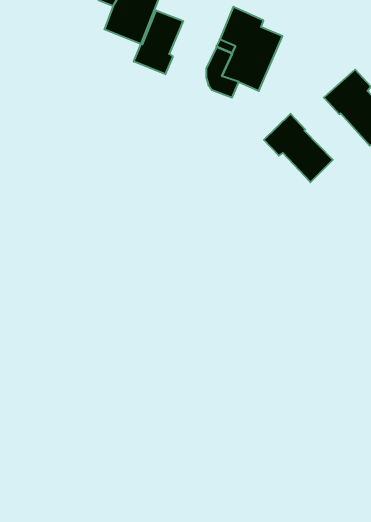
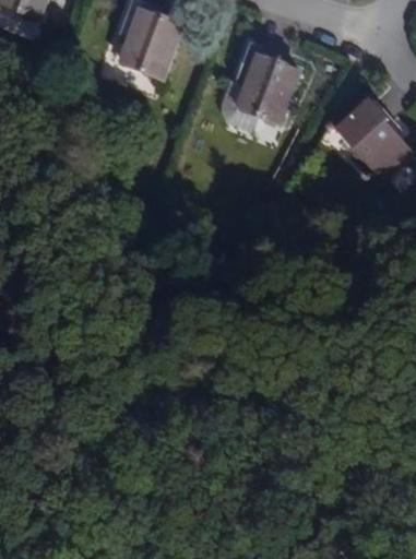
building: [134,10,183,74] -> none
building: [264,114,333,182] -> none

